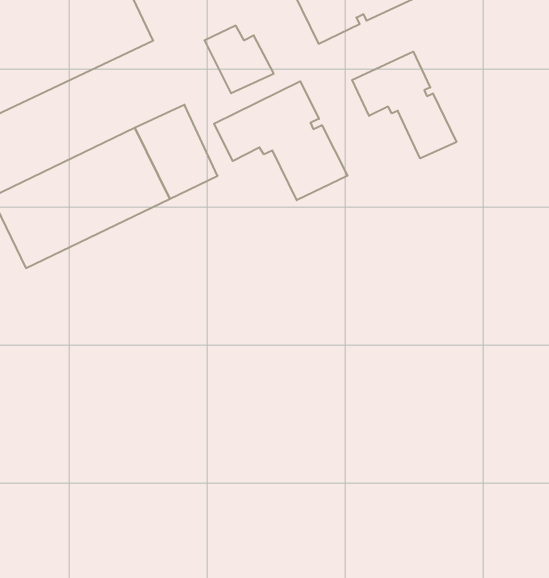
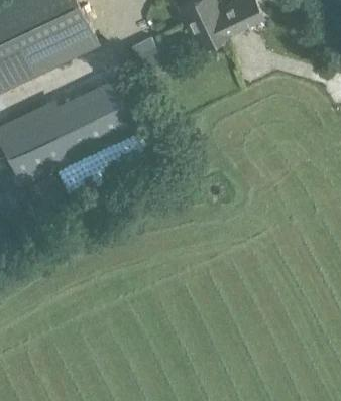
building: [352,52,456,158] -> none
building: [214,81,348,200] -> none

